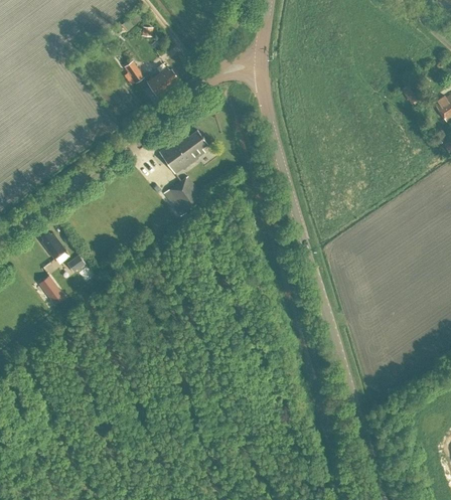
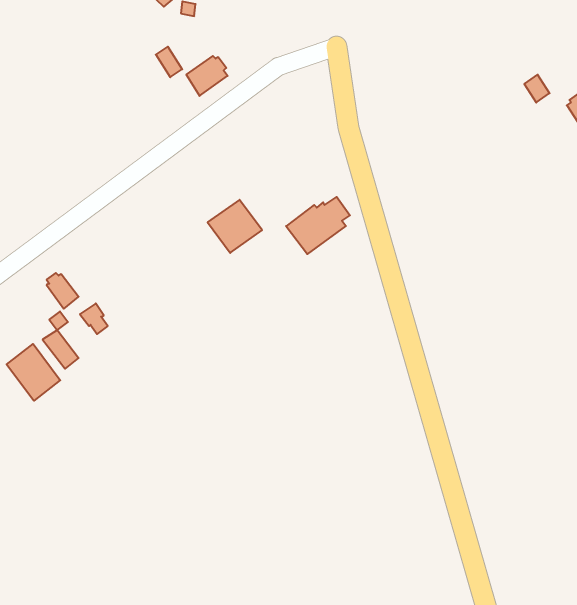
building: [159,131,207,174] -> [286,197,350,254]
building: none -> [7,344,60,401]

